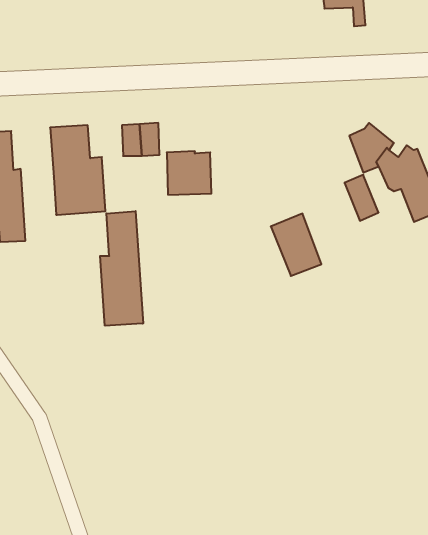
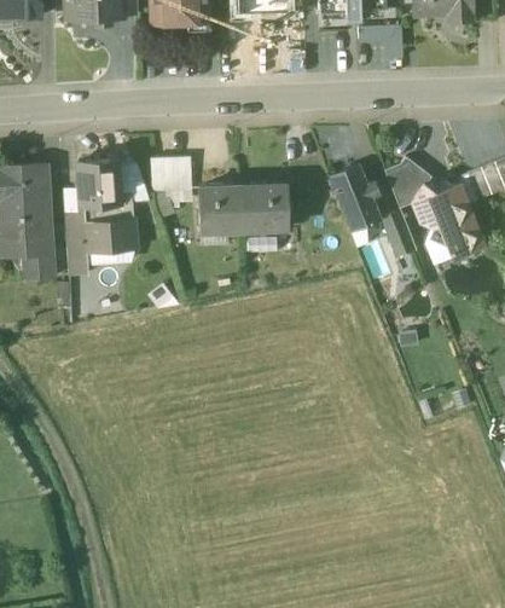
building: none -> [243,184,288,228]
building: none -> [65,212,87,261]
building: [100,211,143,326] -> none
building: [271,214,321,276] -> [329,163,381,227]

